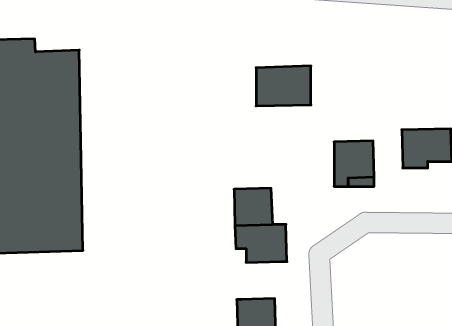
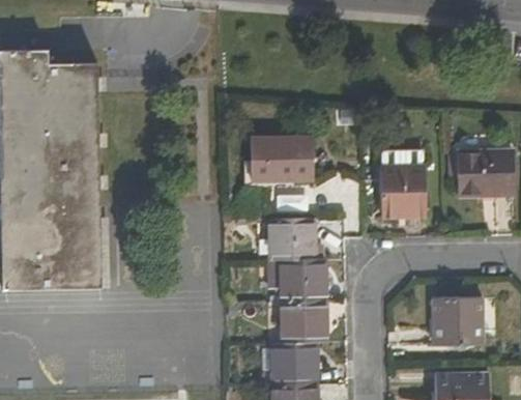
building: [256,66,311,106] -> [251,136,312,180]
building: none -> [433,297,483,344]
building: none -> [277,298,322,341]

